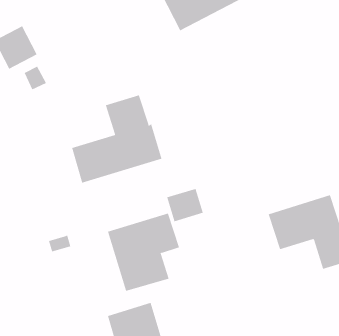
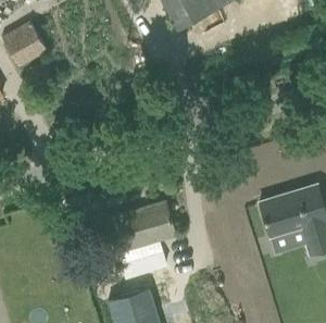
building: [72,94,162,183] -> none
building: [167,188,203,222] -> none

